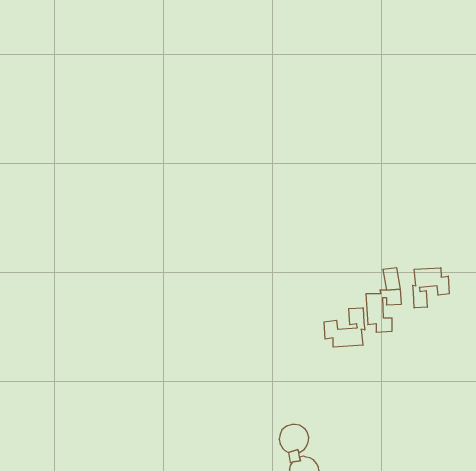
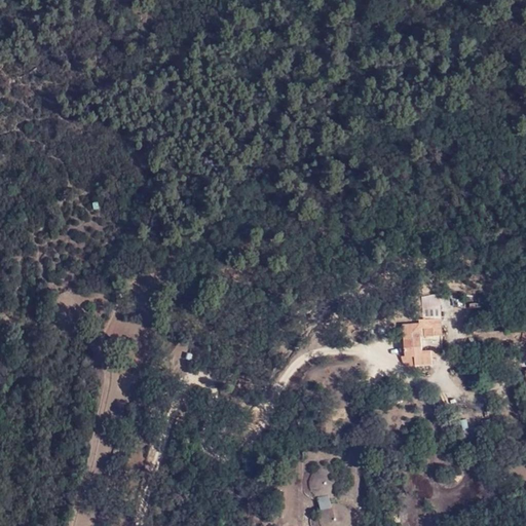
building: [413,268,449,308] -> none
building: [324,308,365,347] -> none

